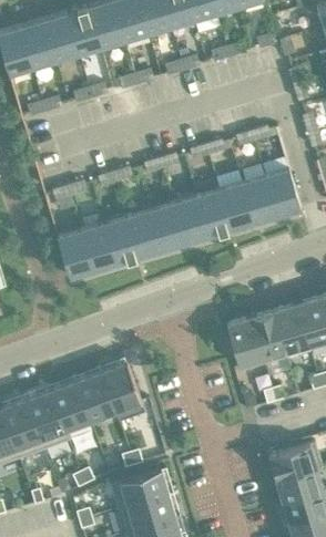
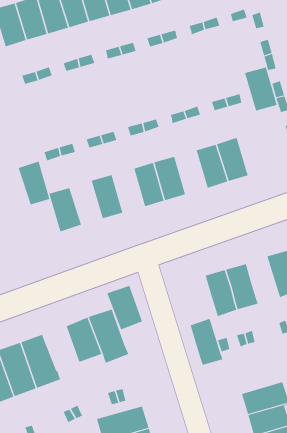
building: [264,168,300,217] -> [244,67,278,111]
building: [195,189,231,238] -> none
building: [126,209,162,258] -> none
building: [80,223,115,271] -> [18,161,50,205]
building: [274,306,310,358] -> [190,318,223,366]
building: [50,382,90,431] -> [106,285,143,330]

